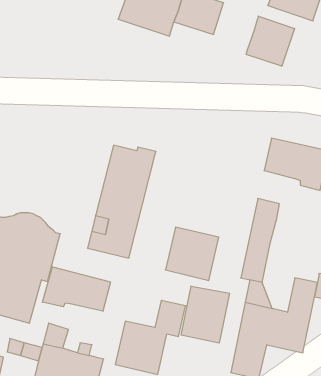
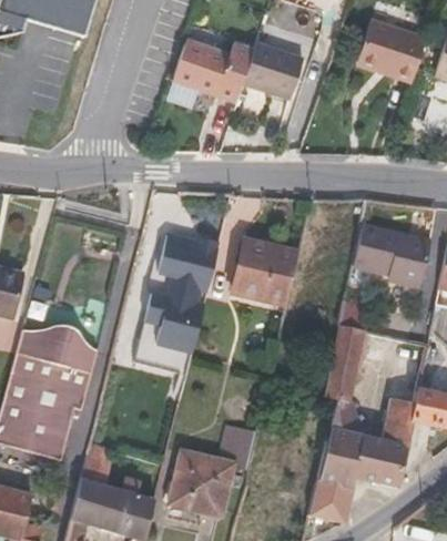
building: [246,16,295,66] -> none
building: [165,227,219,281] -> [233,238,298,304]
building: [42,267,111,311] -> none
building: [181,286,229,343] -> none

